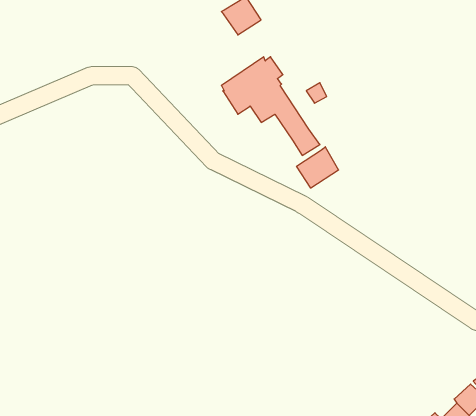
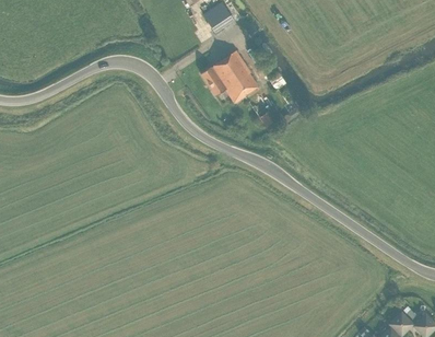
building: [297,147,339,188] -> none

